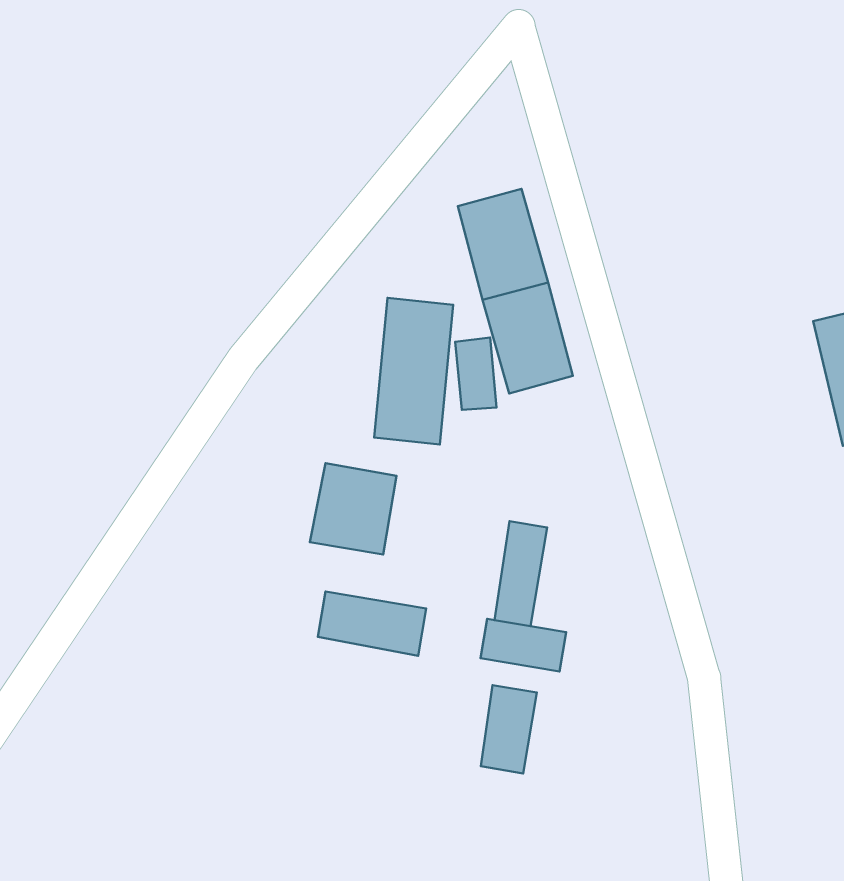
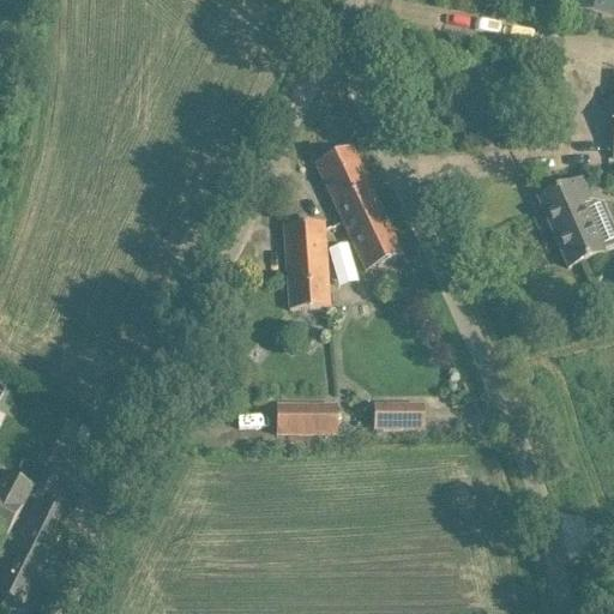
building: [310,463,397,554] -> none
building: [494,521,547,626] -> none
building: [481,685,537,773] -> none

